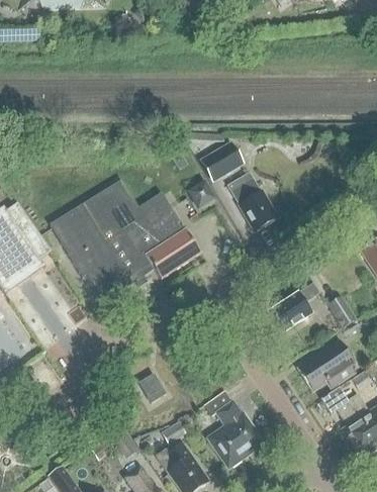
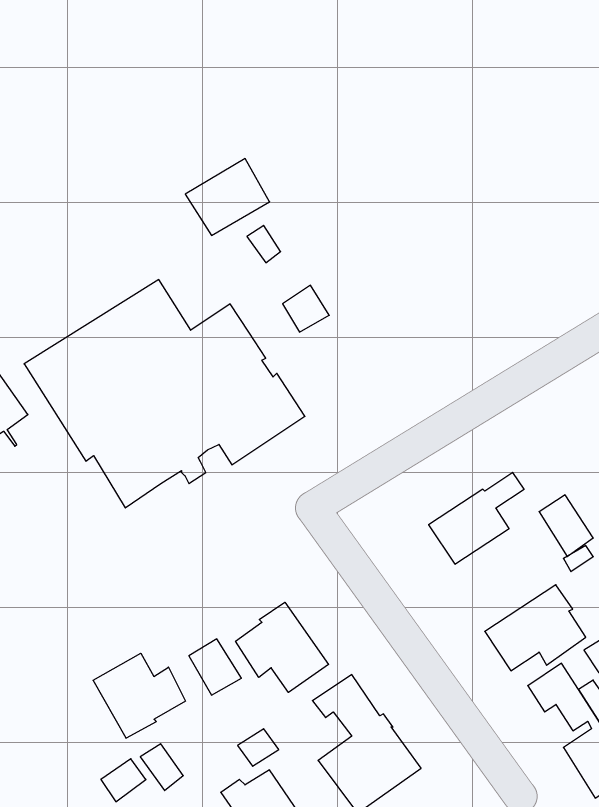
building: [199,140,245,182] -> [185,159,270,235]
building: [227,172,277,231] -> none
building: none -> [236,602,329,692]
building: none -> [93,653,185,738]

